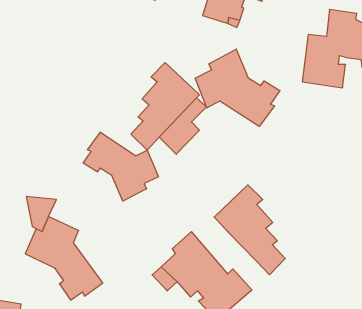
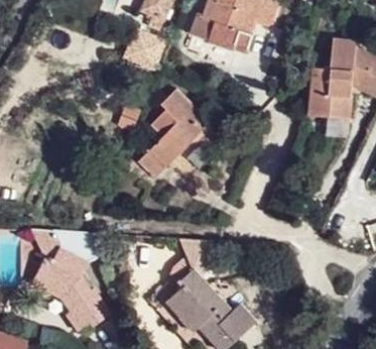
building: [195,49,280,126] -> none
building: [83,132,158,201] -> none
building: [214,185,285,275] -> none

